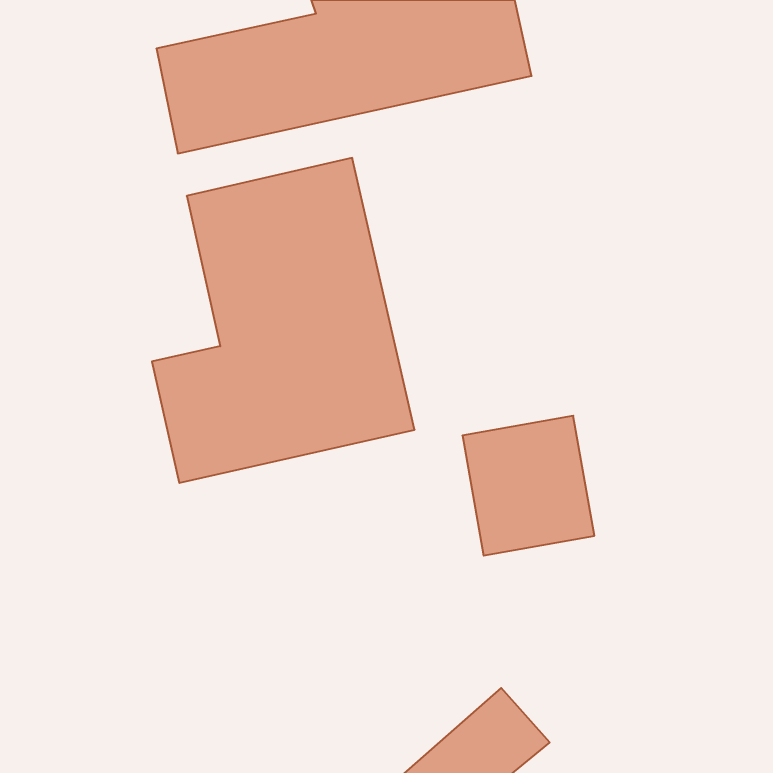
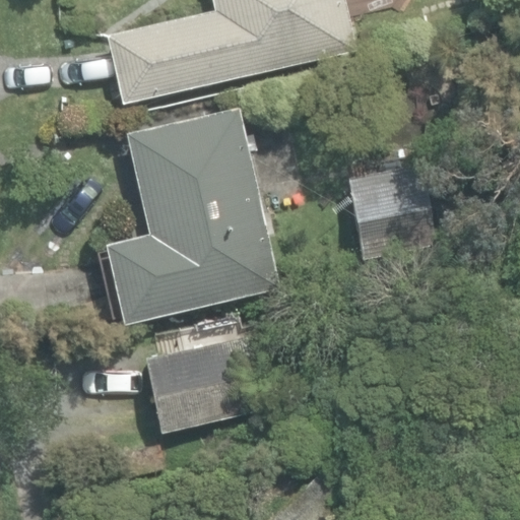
building: [462,416,594,556] -> [345,165,434,258]
building: none -> [146,333,263,433]

